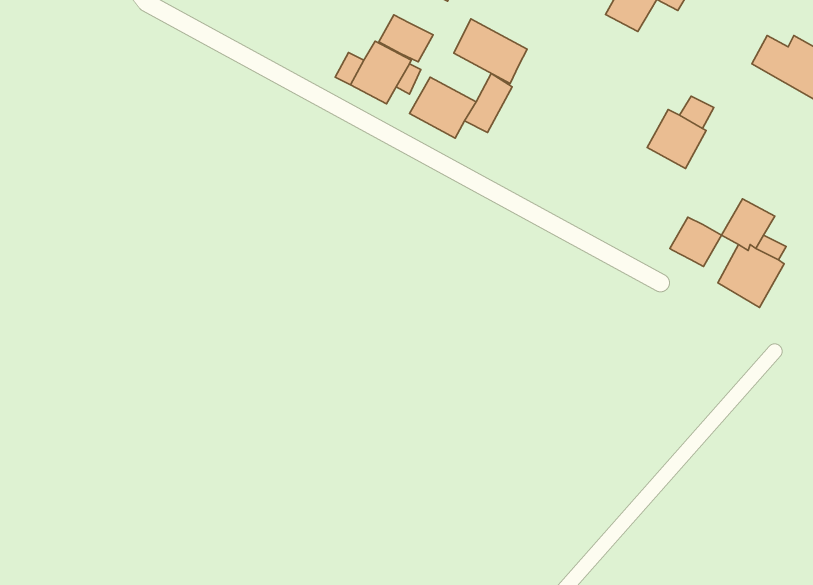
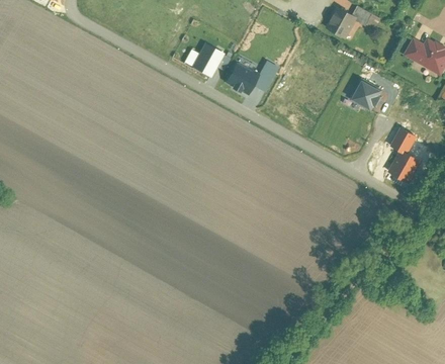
building: [379,15,433,62] -> none
building: [454,19,527,84] -> none
building: [670,217,722,267] -> none

